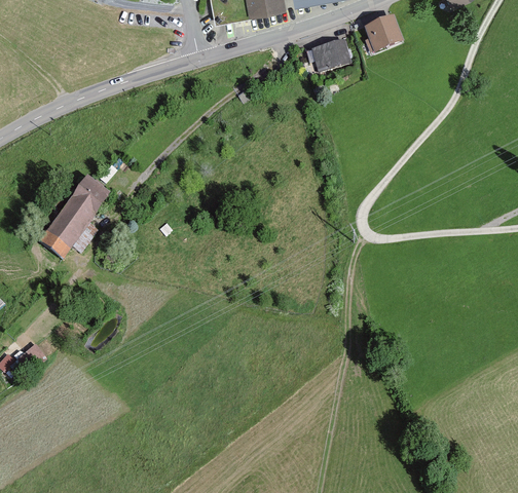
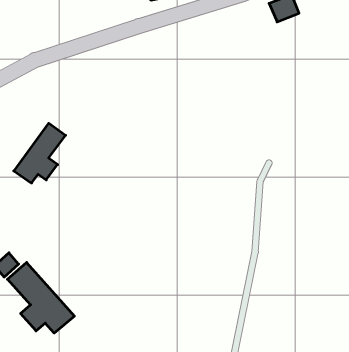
building: [312,41,351,72] -> none
building: none -> [7,262,74,333]

